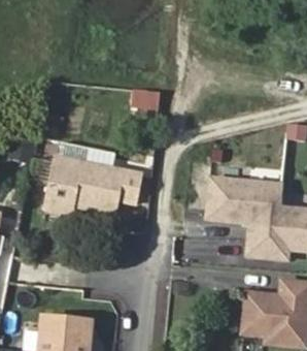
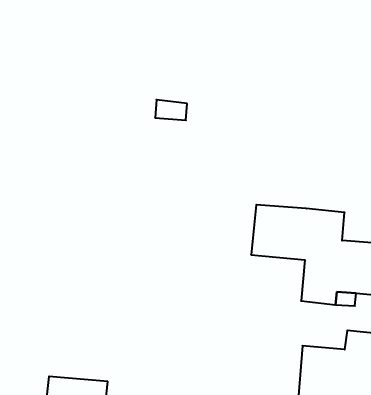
building: [46,156,142,216] -> none

